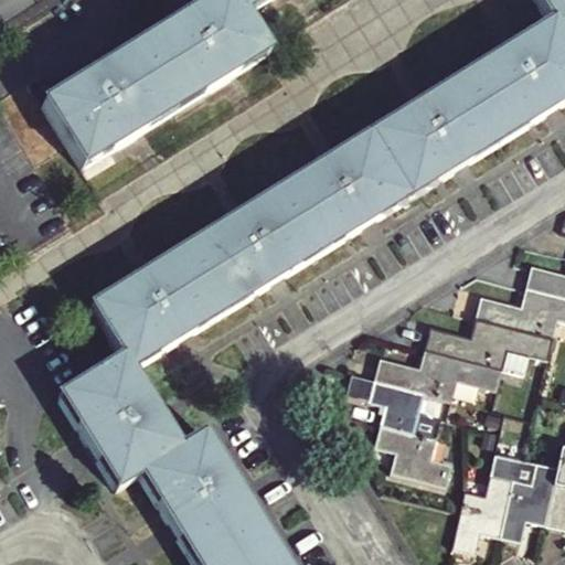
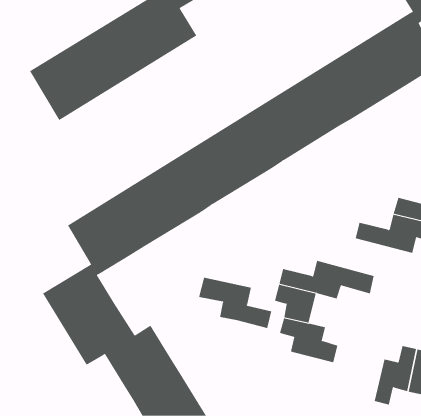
building: [425,318,553,367] -> none
building: none -> [199,277,272,329]
building: [455,472,514,550] -> none

